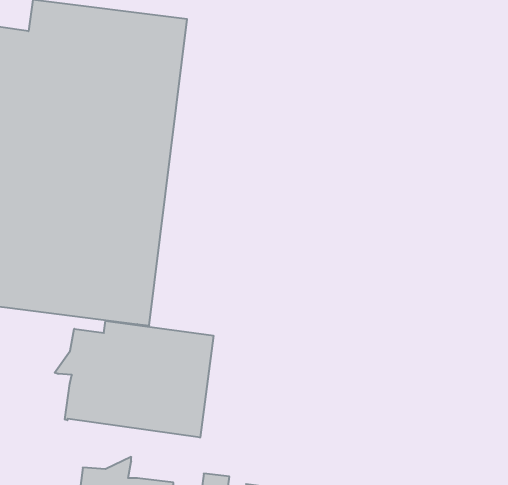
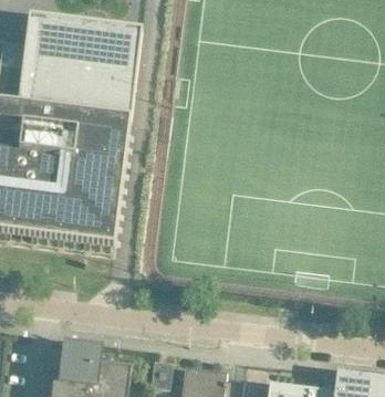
building: [55,321,213,438] -> none

